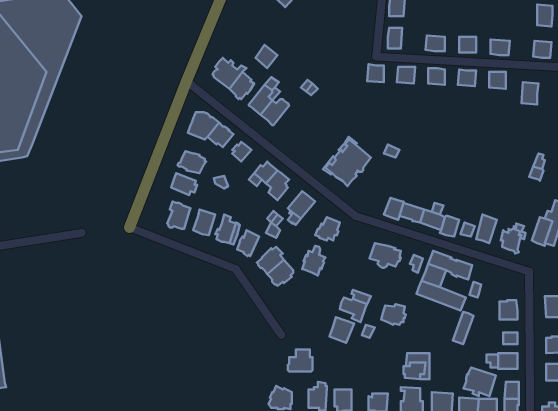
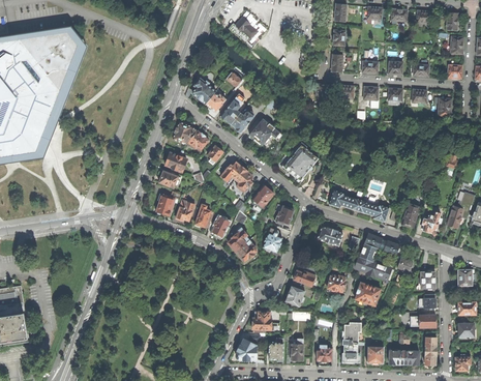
building: none -> [248,118,281,144]
building: [463,368,496,396] -> [354,282,380,304]

